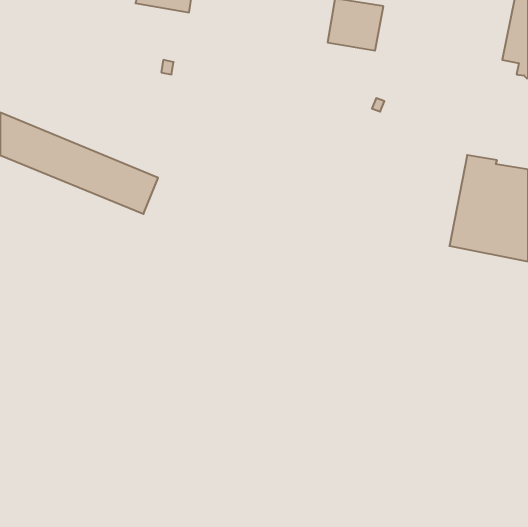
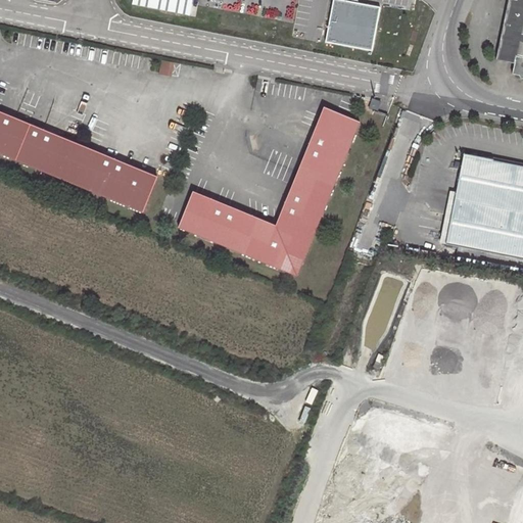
building: none -> [179,104,360,274]

